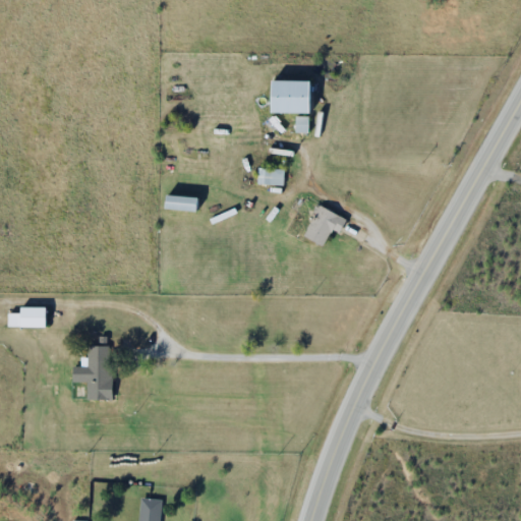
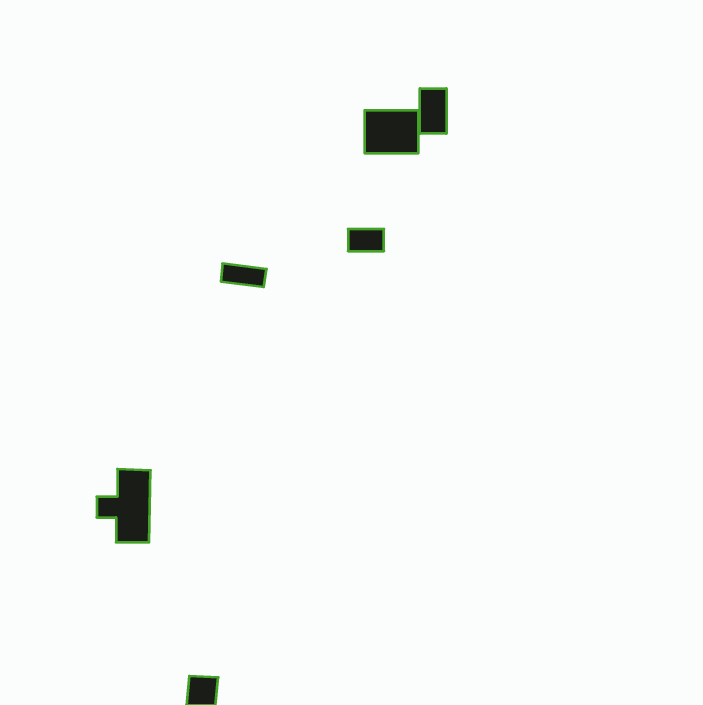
building: none -> [420,88,446,134]
building: [304,207,348,245] -> none
building: [9,307,46,328] -> none

